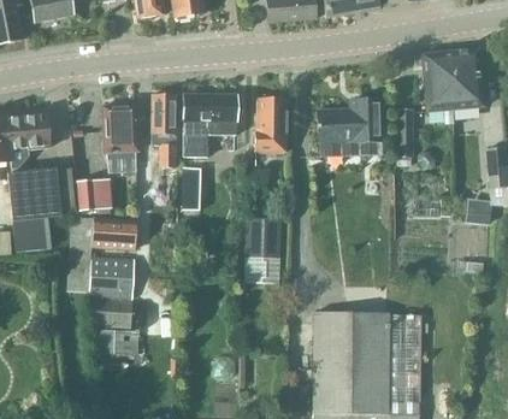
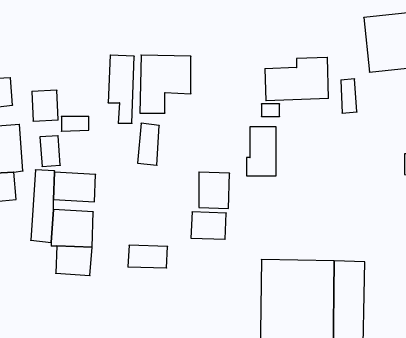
building: [254,96,285,148] -> [247,127,276,176]
building: [104,101,138,149] -> none
building: [99,327,141,352] -> [128,245,168,268]

